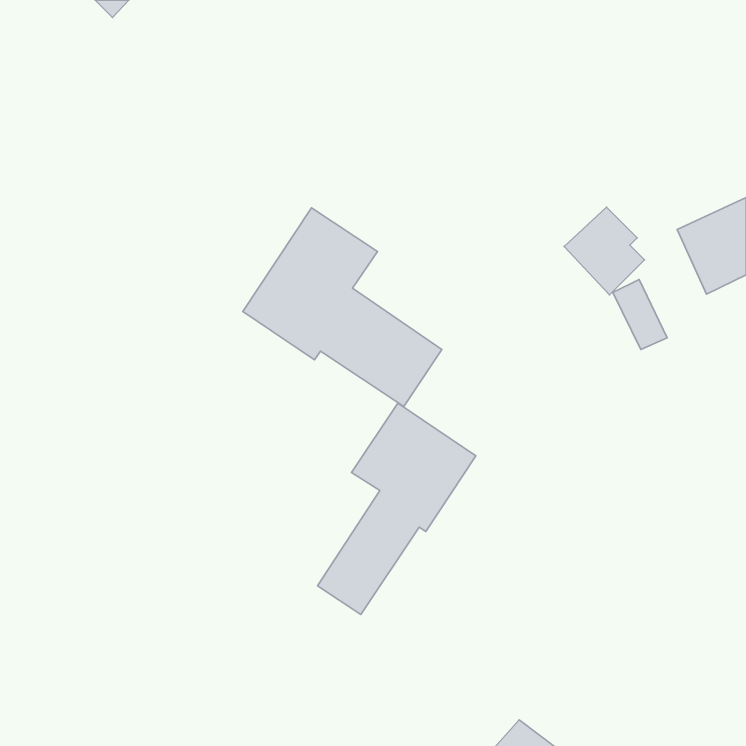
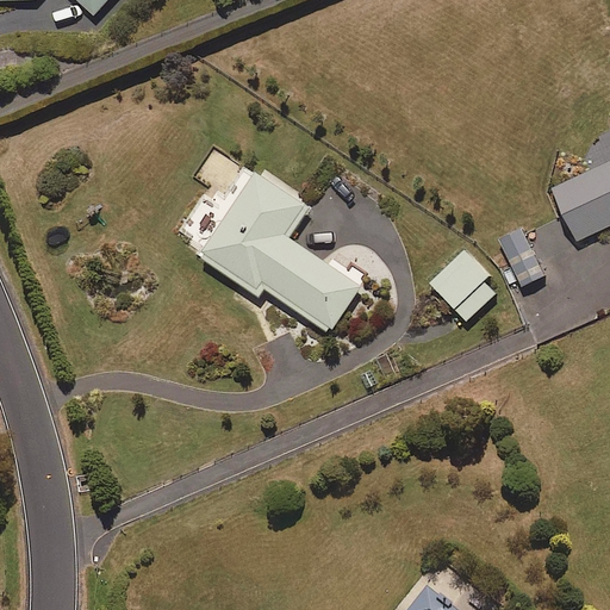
building: [564,207,644,295] -> [429,250,494,322]
building: [318,403,476,615] -> none

